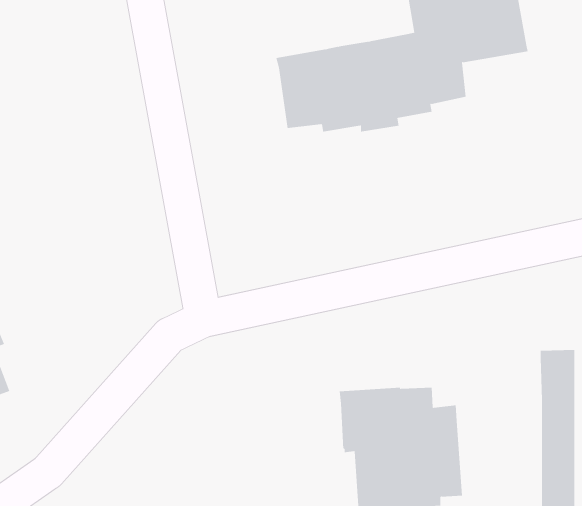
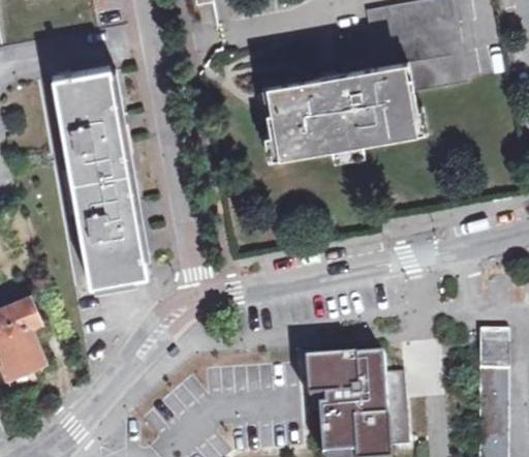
building: none -> [55,69,146,283]

